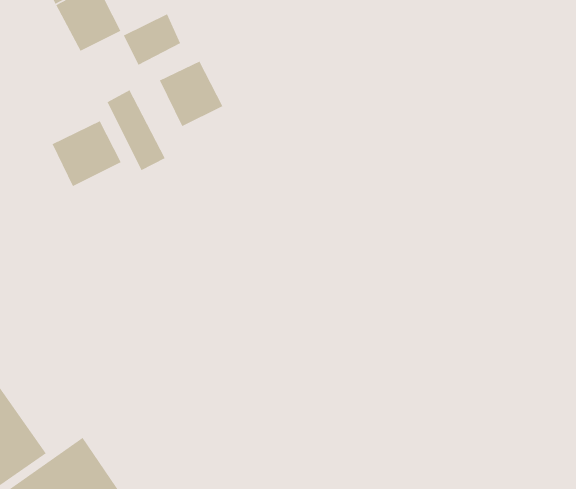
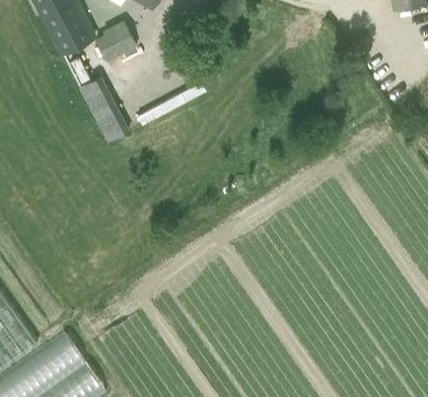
building: [159,60,223,127] -> none
building: [51,120,122,187] -> none

